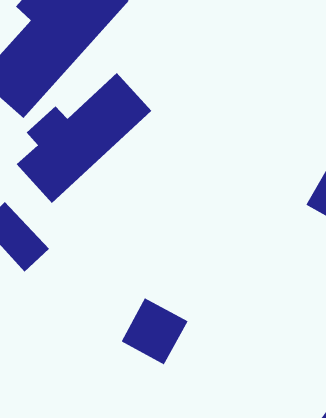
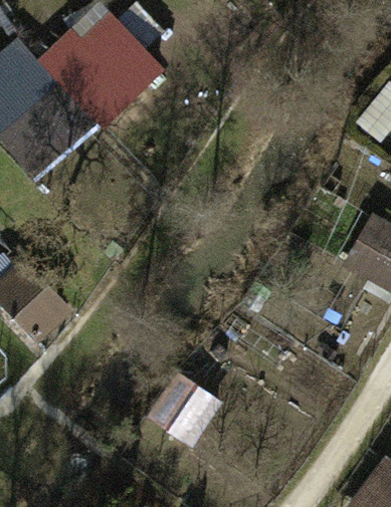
building: [16,72,152,204] -> none

